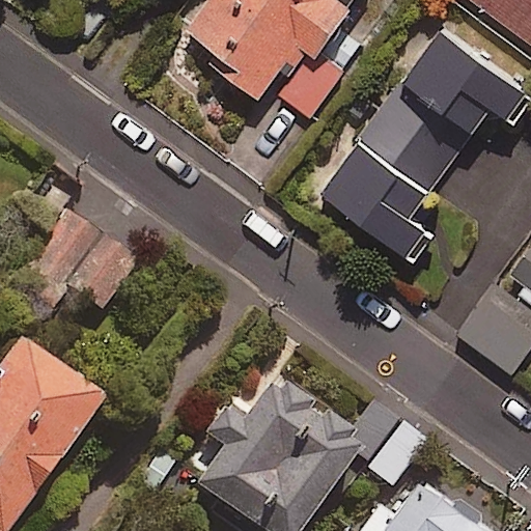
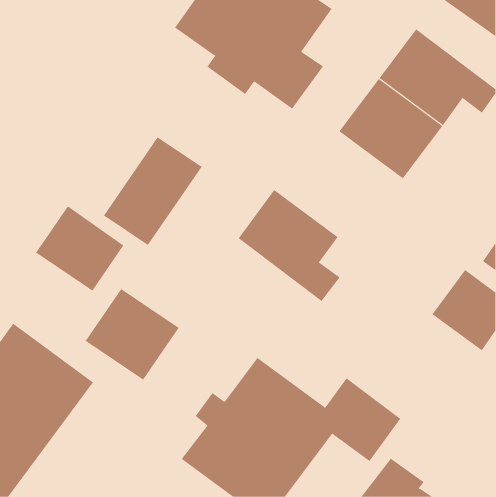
building: [320,139,429,258] -> [238,189,341,302]
building: none -> [103,137,202,246]
building: none -> [85,288,179,380]

